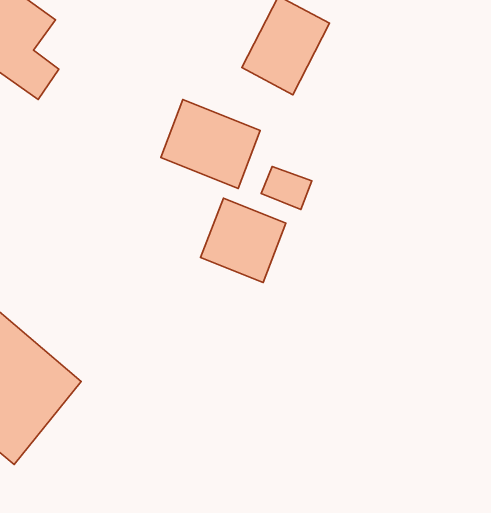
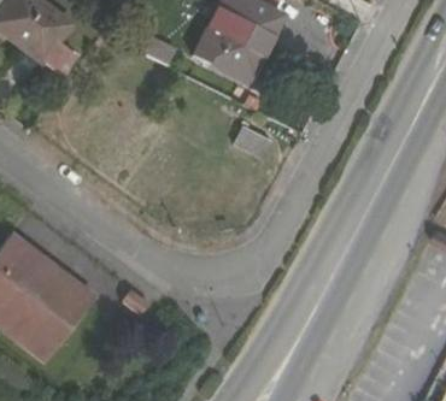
building: [161,100,260,188] -> none
building: [201,198,286,282] -> none

